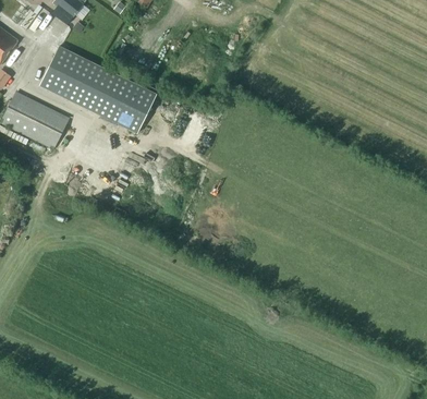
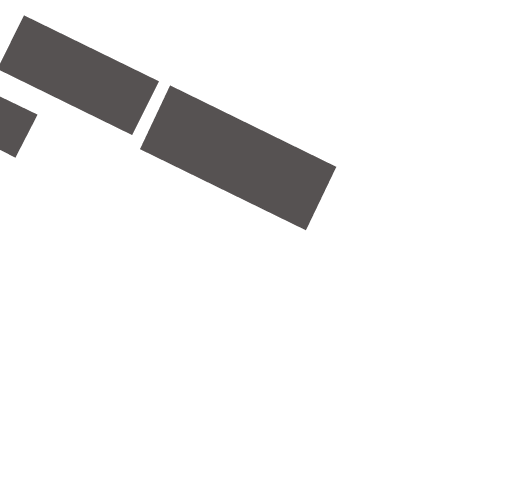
building: none -> [139,85,337,231]

